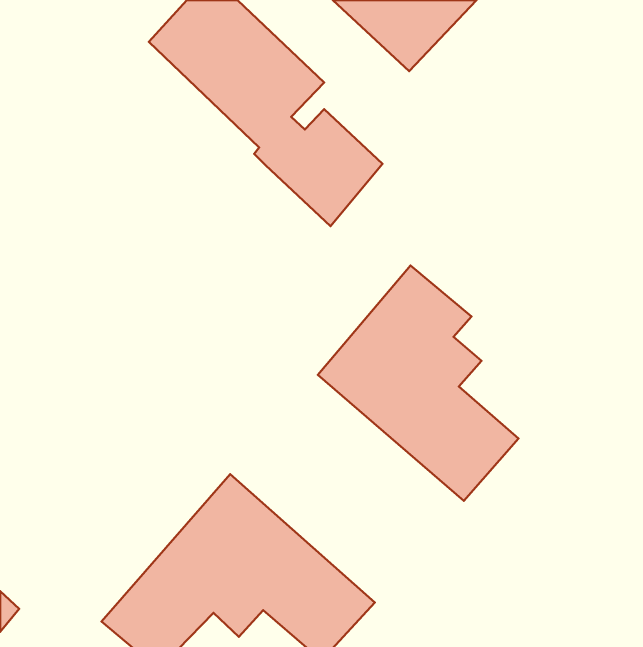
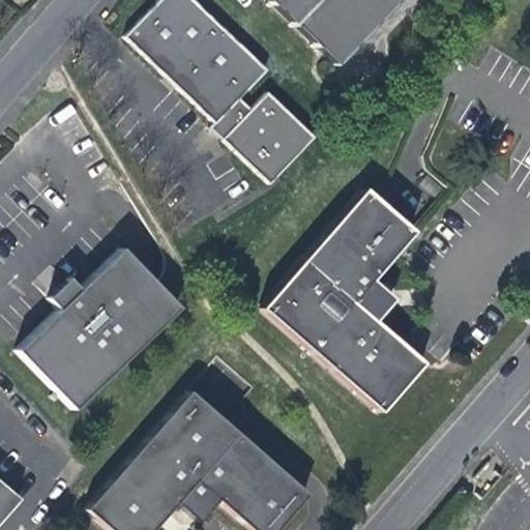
building: none -> [340,186,417,260]
building: none -> [22,254,182,412]

